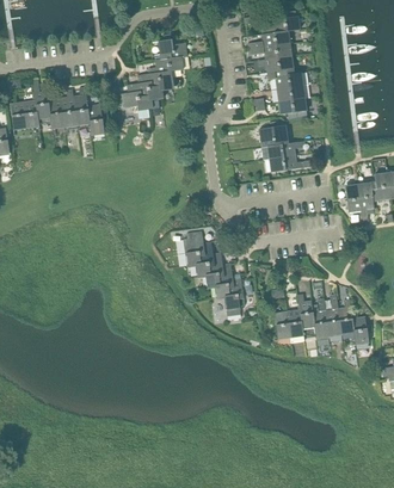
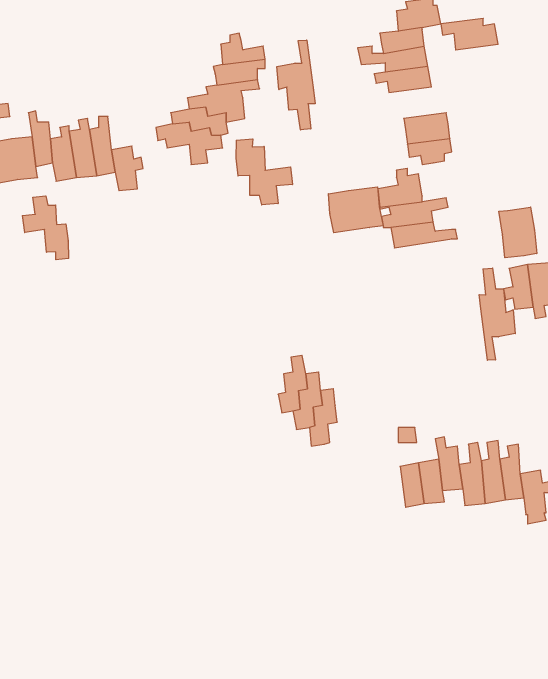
building: none -> [277,40,315,130]
building: [266,68,303,88] -> [441,18,498,50]
building: none -> [236,139,292,205]
building: none -> [328,187,383,233]
building: none -> [22,196,69,260]
building: none -> [499,207,537,258]
building: none -> [479,268,515,360]
building: [183,230,204,267] -> none
building: [224,272,244,315] -> none

